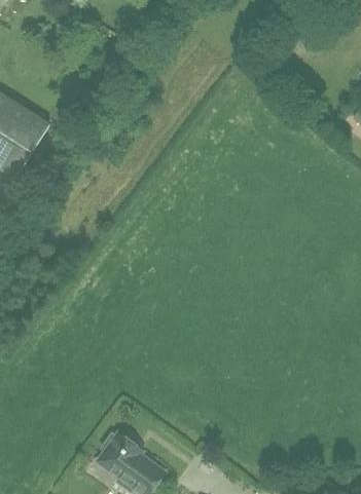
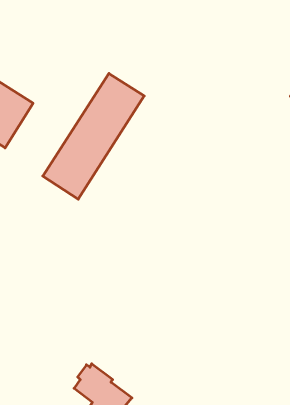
building: none -> [43,73,144,199]

